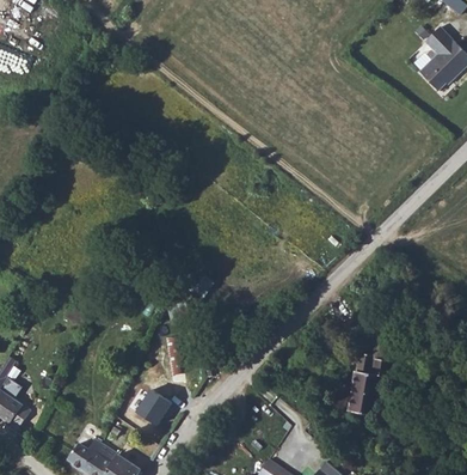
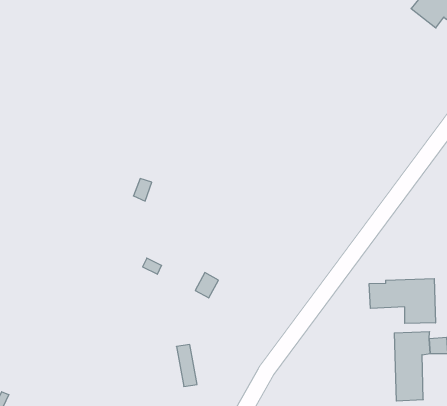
building: none -> [369,279,435,323]

